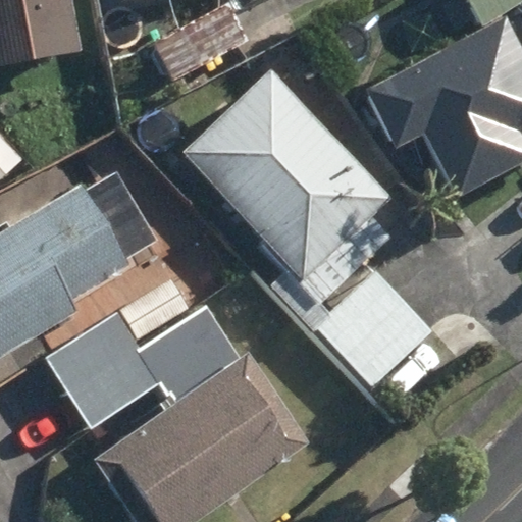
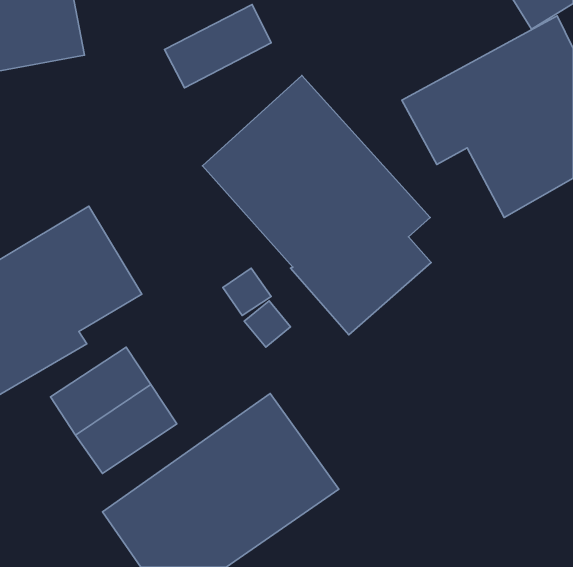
building: [312,267,431,386] -> none

